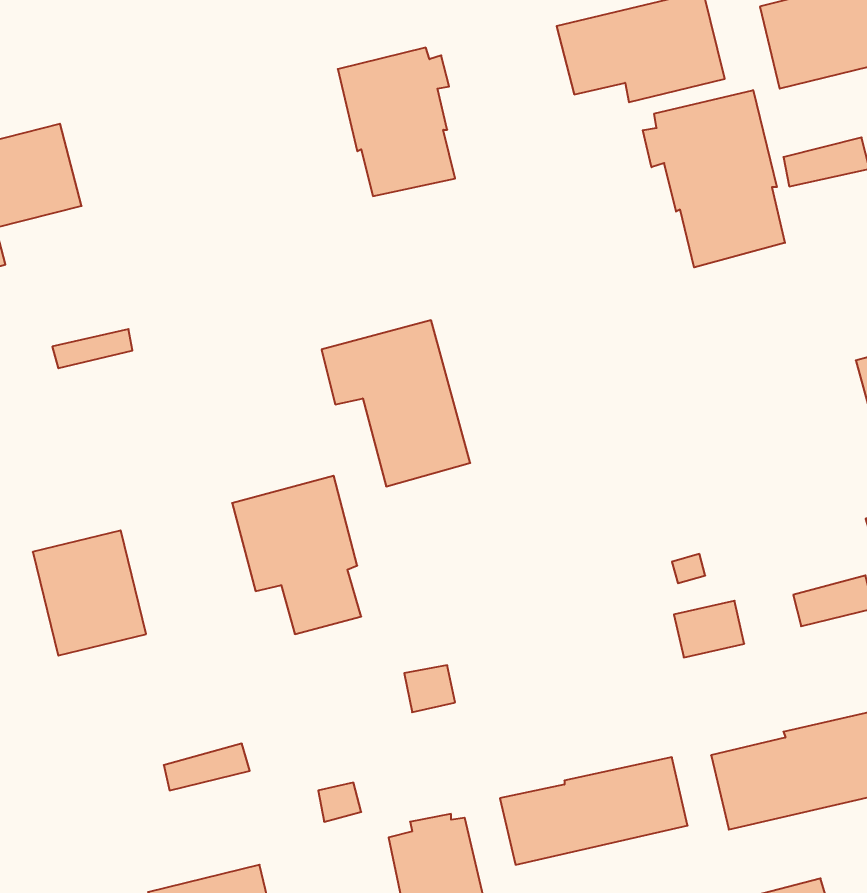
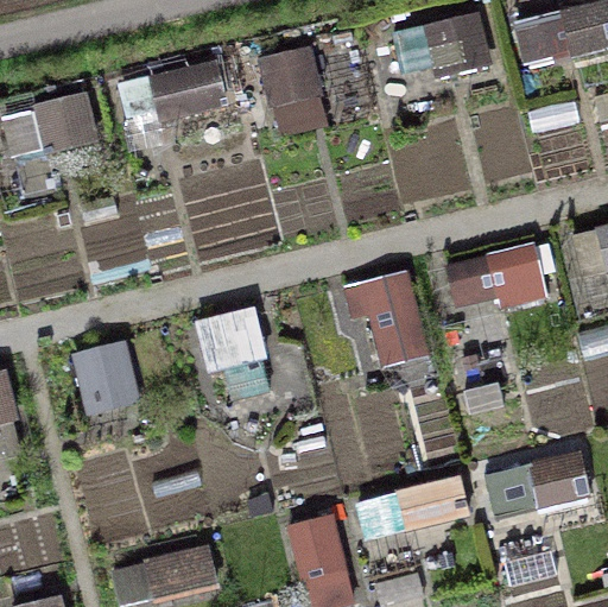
building: none -> [113,58,227,129]
building: [643,90,785,267] -> none
building: [322,320,470,486] -> [342,267,432,368]
building: none -> [443,240,557,320]

